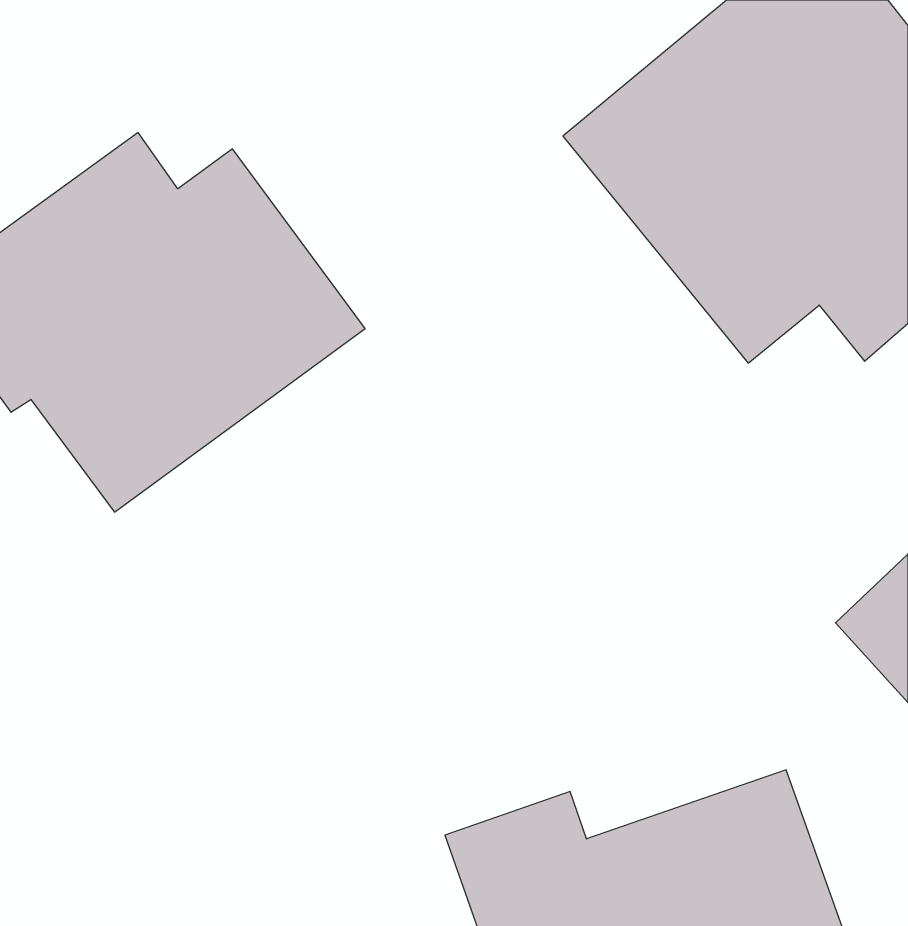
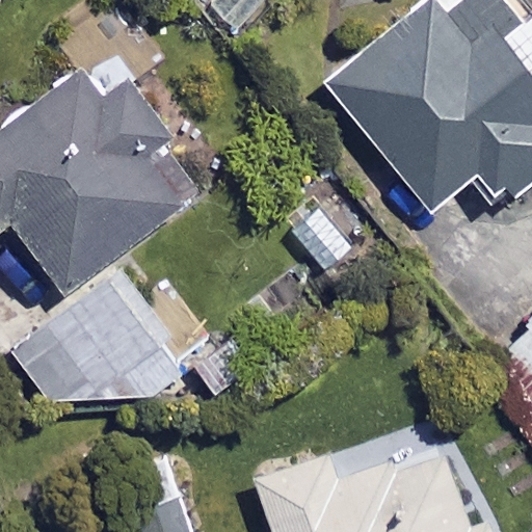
building: none -> [28,290,158,405]

